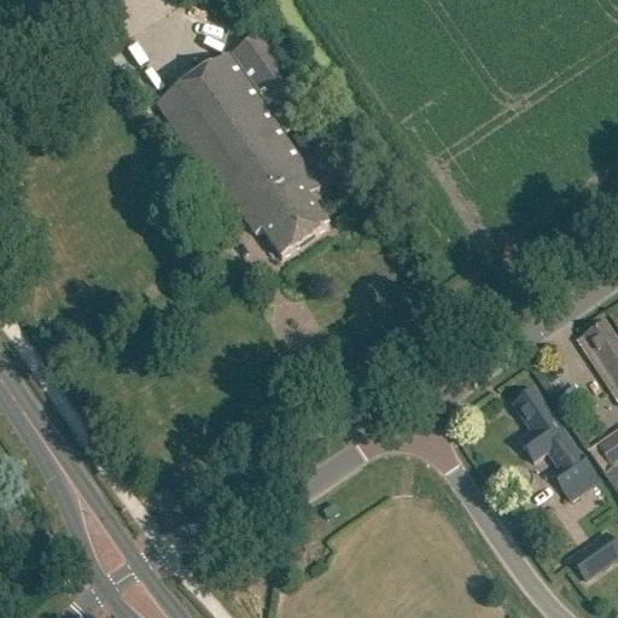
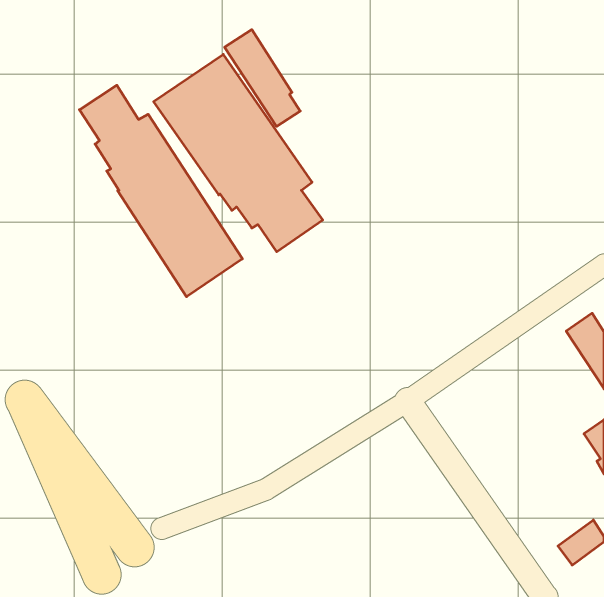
building: none -> [79,85,242,297]
building: [512,387,590,488] -> none

